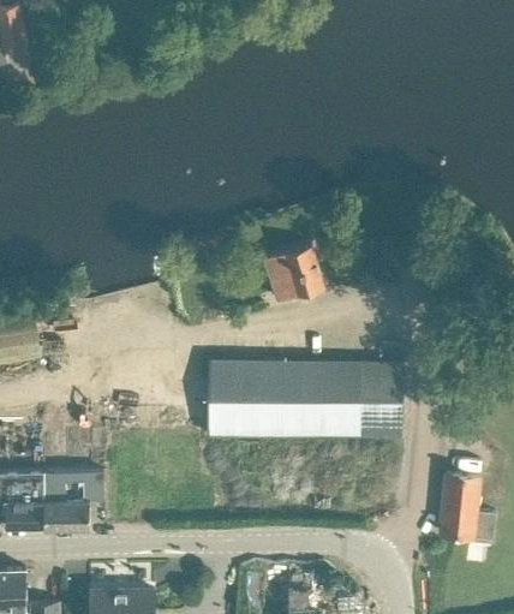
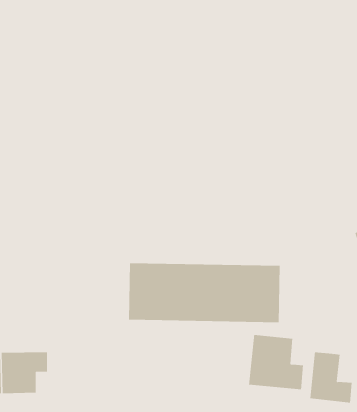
building: [268,246,322,299] -> none
building: none -> [249,334,304,390]

